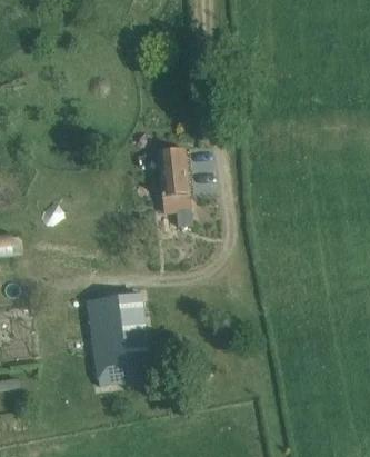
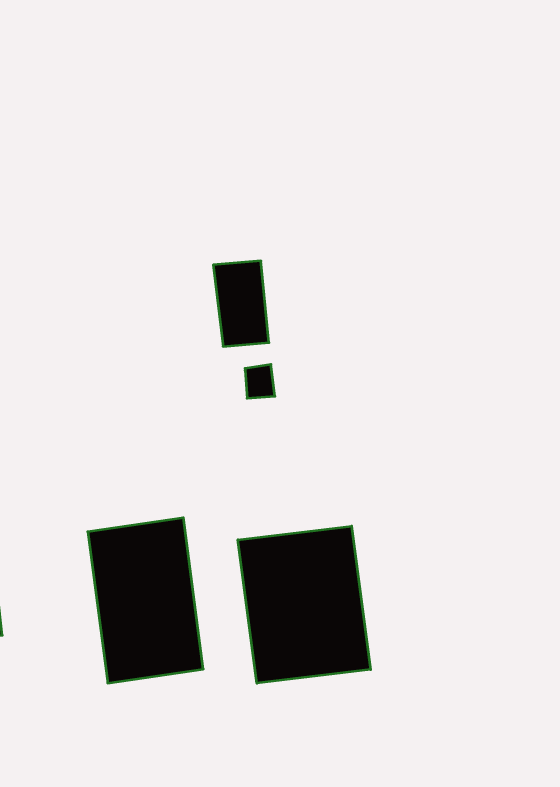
building: none -> [238,526,371,683]

